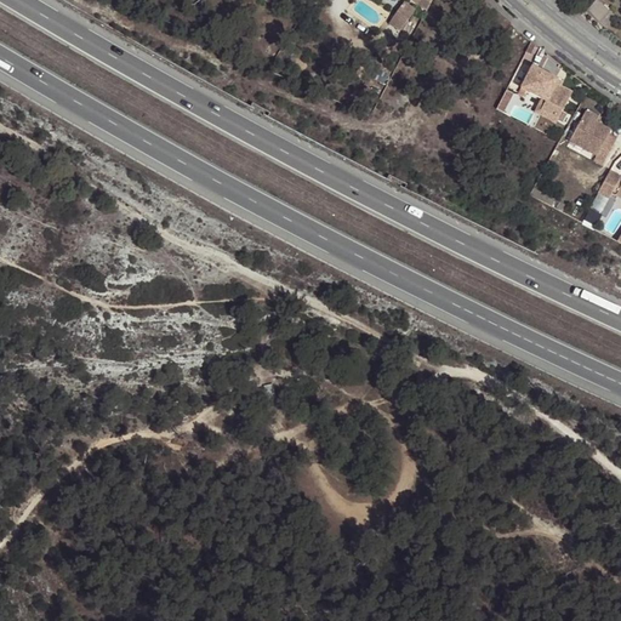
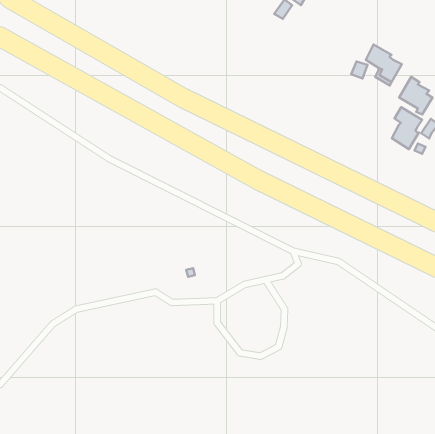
building: none -> [392,107,422,149]

